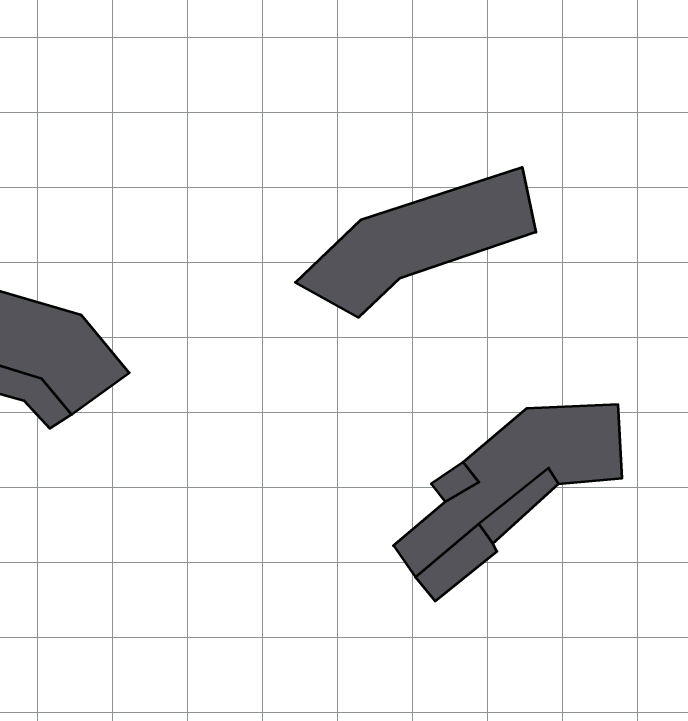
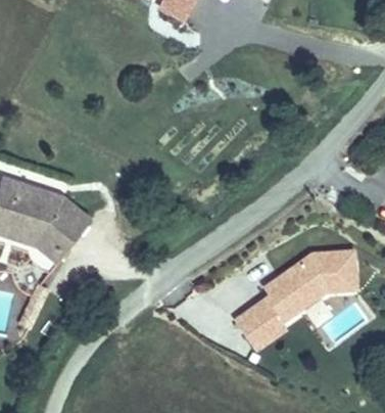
building: [295,167,536,317] -> none

